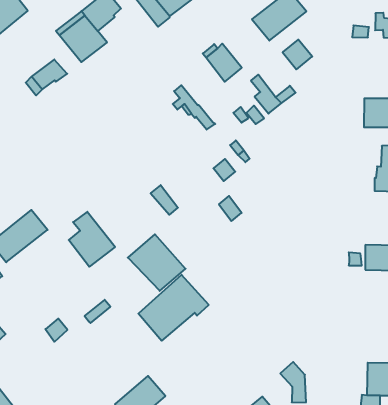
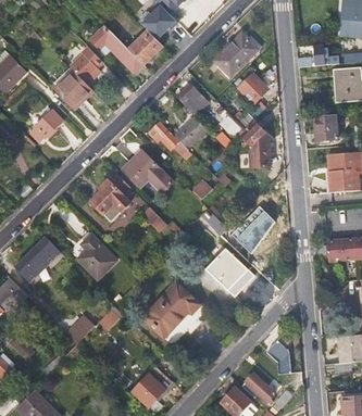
building: none -> [168,117,208,150]
building: none -> [240,122,271,169]
building: none -> [122,151,173,193]
building: none -> [90,174,130,222]
building: none -> [230,207,274,254]
building: [128,234,186,291] -> [204,250,253,297]

